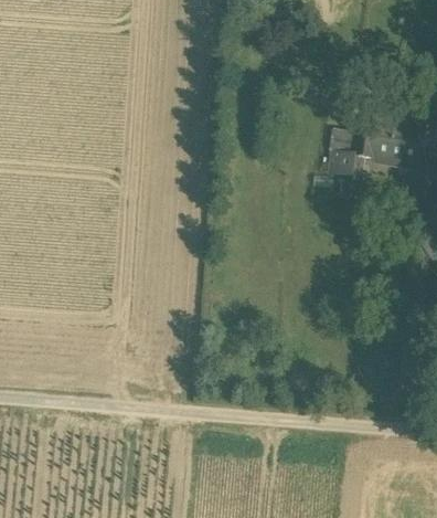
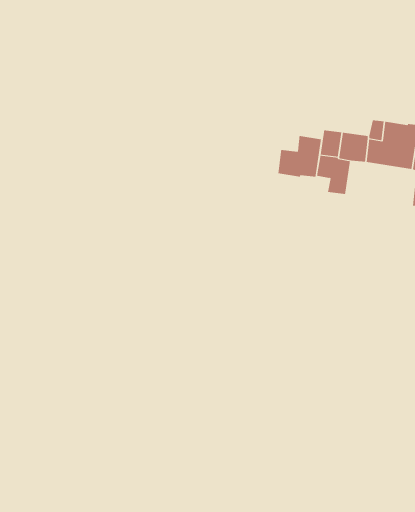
building: none -> [278,135,322,177]

